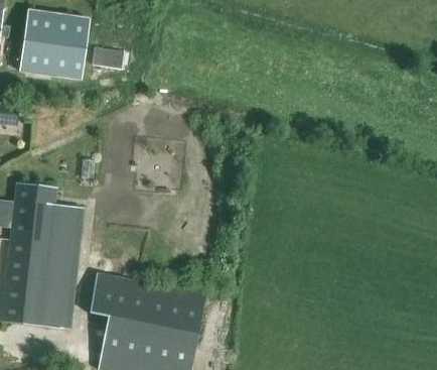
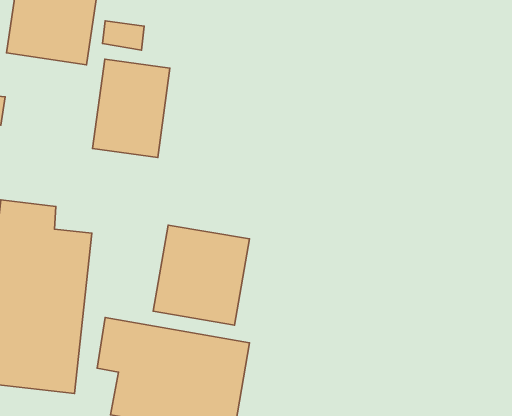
building: none -> [93,59,170,157]
building: none -> [153,225,250,325]

